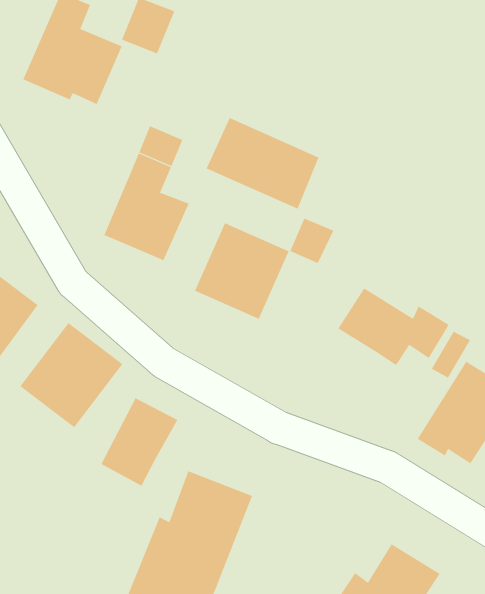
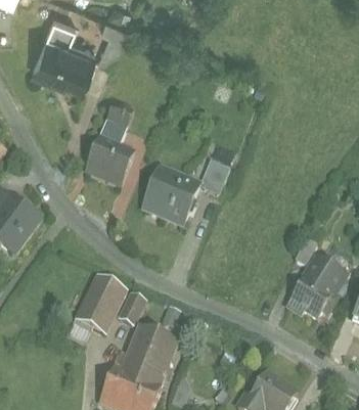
building: [206,117,319,209] -> none
building: [337,287,450,366] -> none
building: [19,322,123,428] -> none
building: none -> [117,290,147,325]

